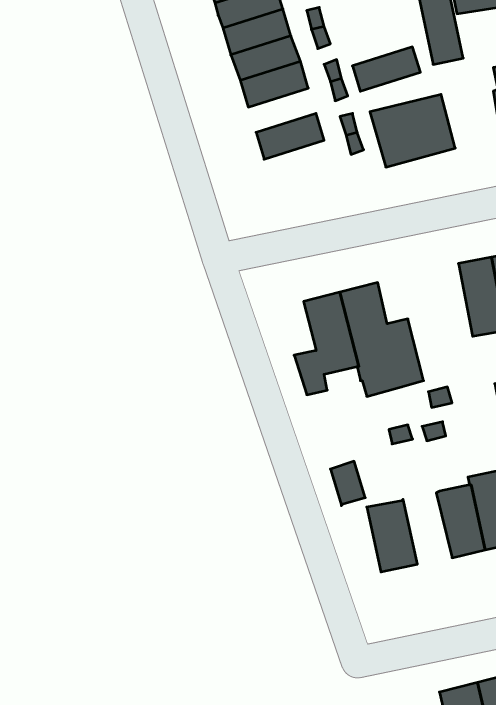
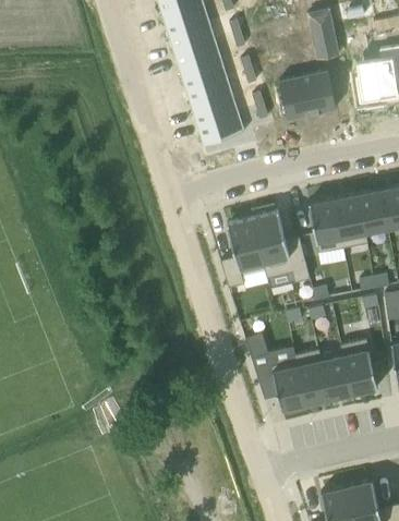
building: [352,47,420,91] -> [189,77,235,108]
building: none -> [200,113,247,145]
building: none -> [309,198,343,254]
building: none -> [293,351,329,405]

